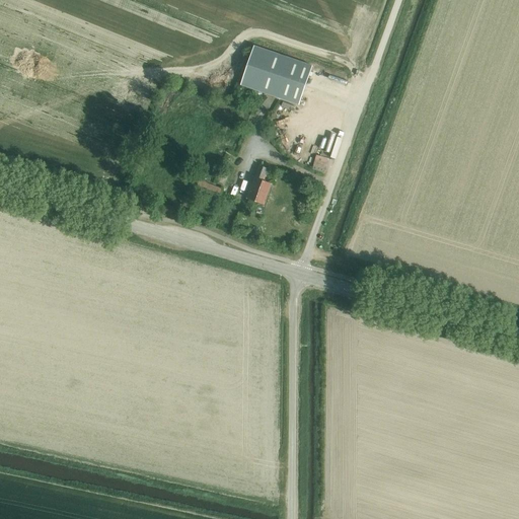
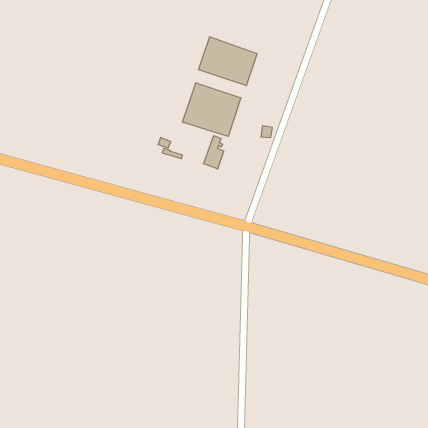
building: none -> [183,83,241,136]

